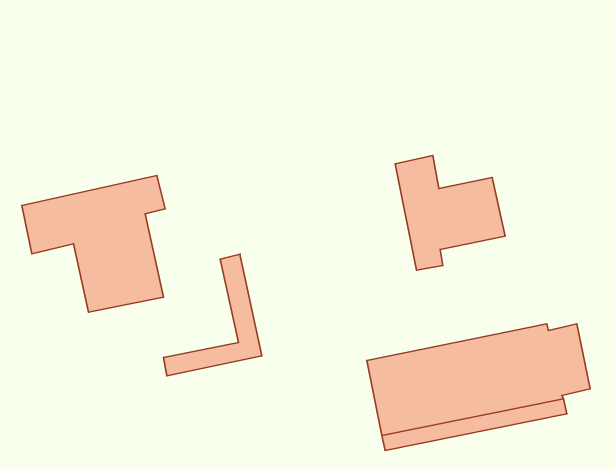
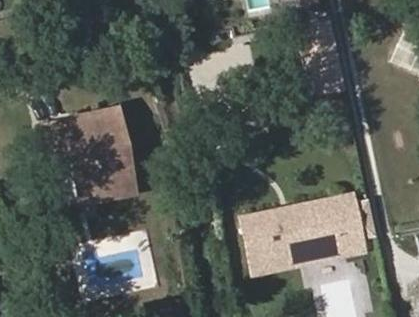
building: [395,156,505,270] -> none
building: [164,254,262,376] -> [76,128,135,201]

